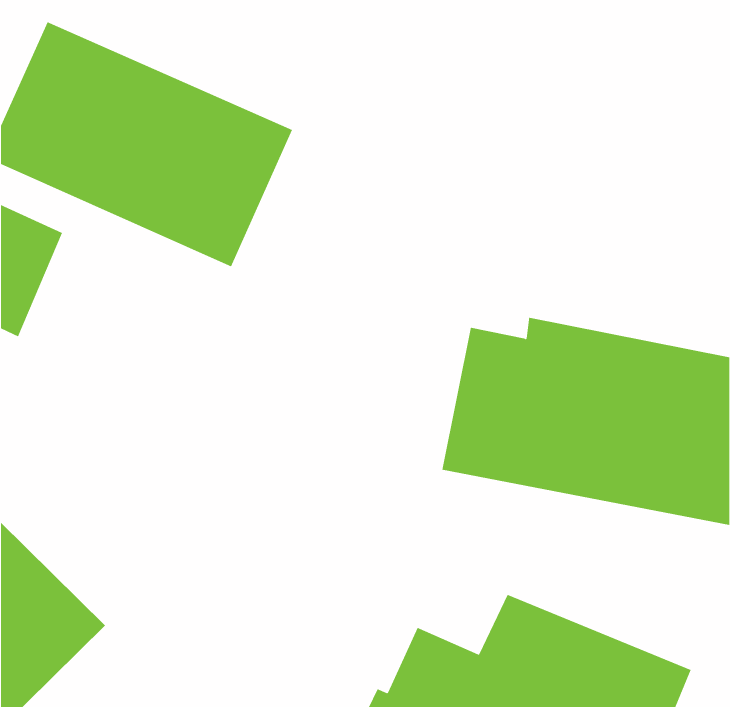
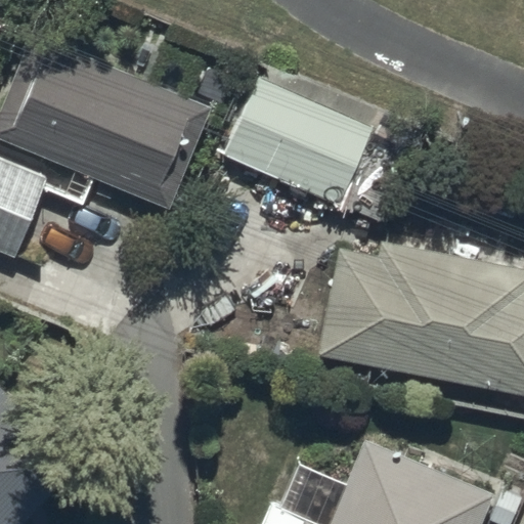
building: none -> [224,81,412,223]

